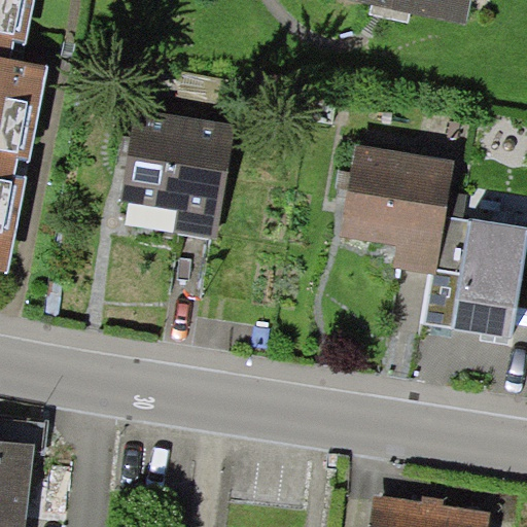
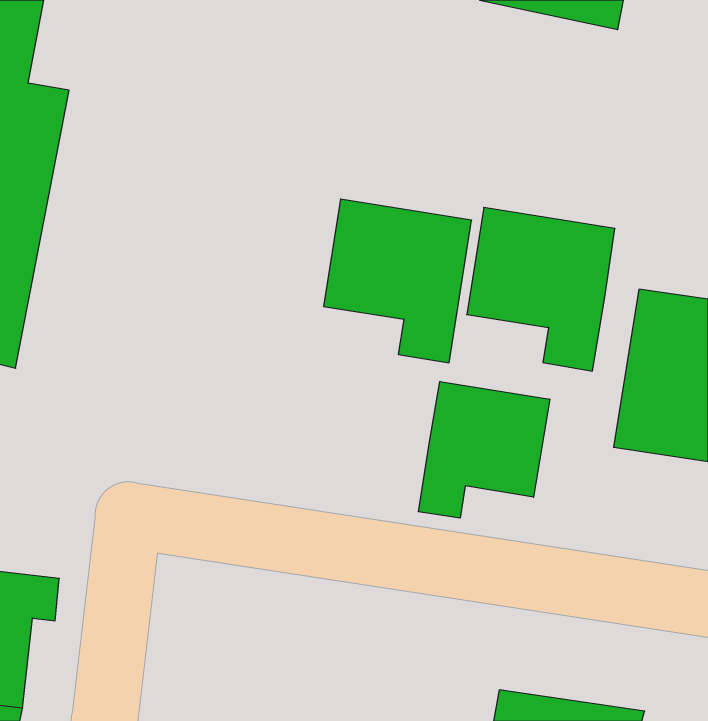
building: [121,116,230,236] -> [324,199,472,363]
building: none -> [419,381,550,518]

